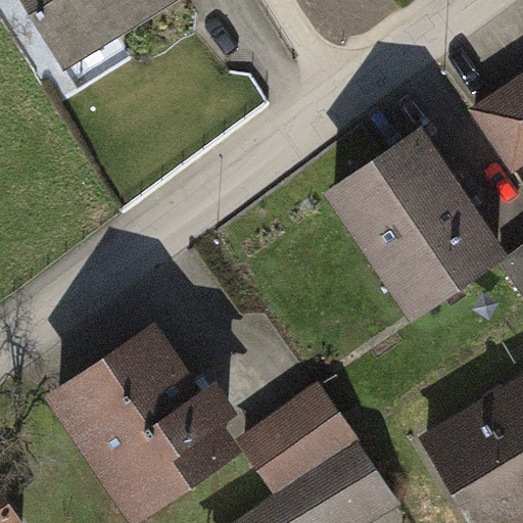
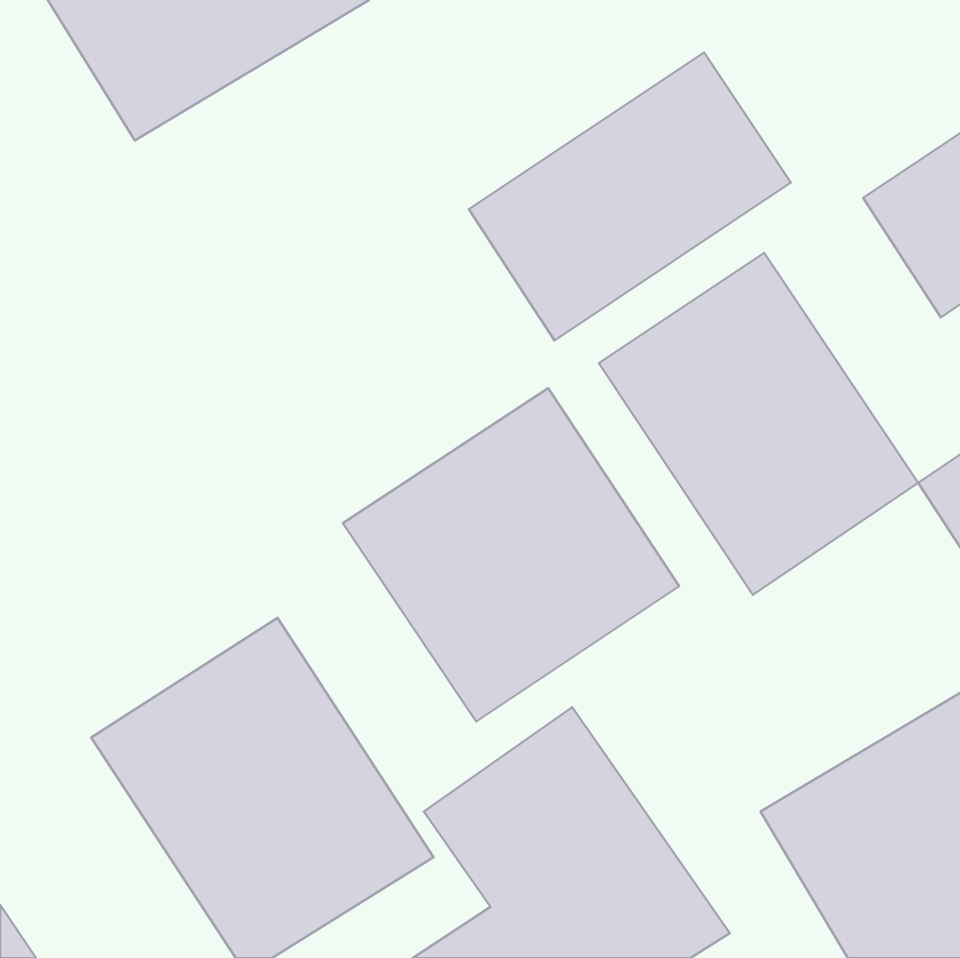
building: none -> [469,53,791,341]
building: none -> [343,388,679,722]

